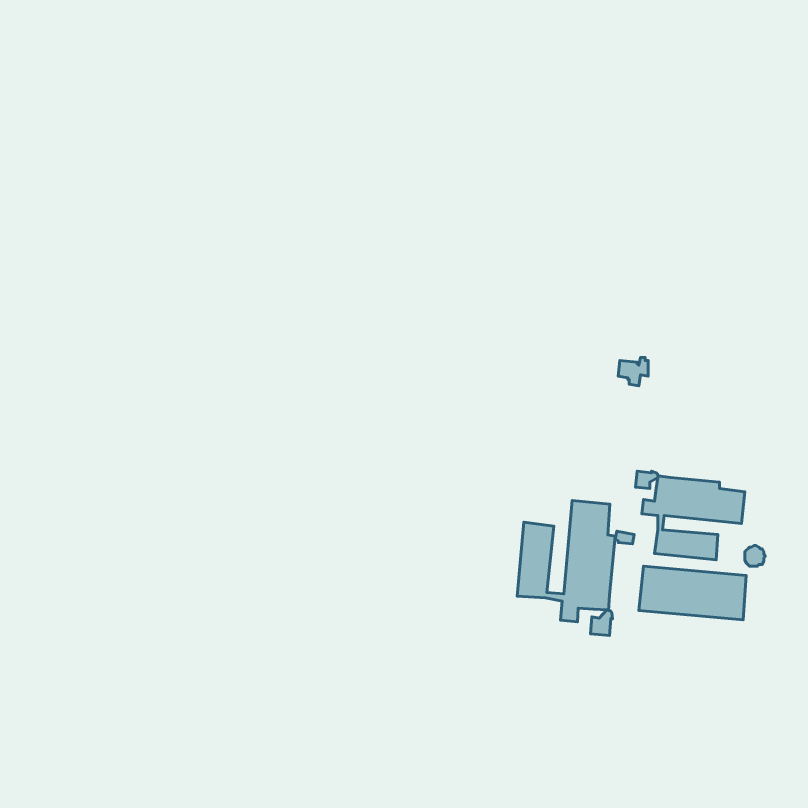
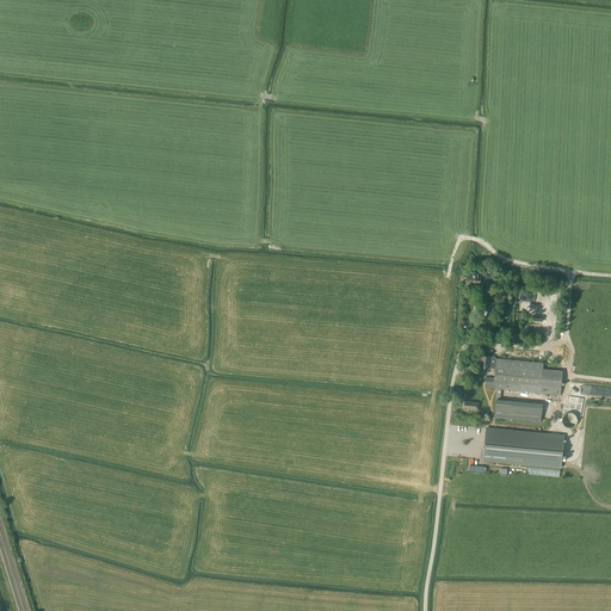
building: [517,501,615,636] -> none

